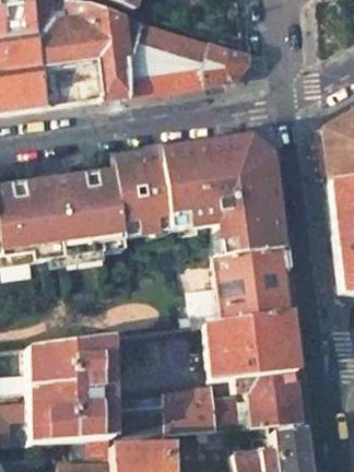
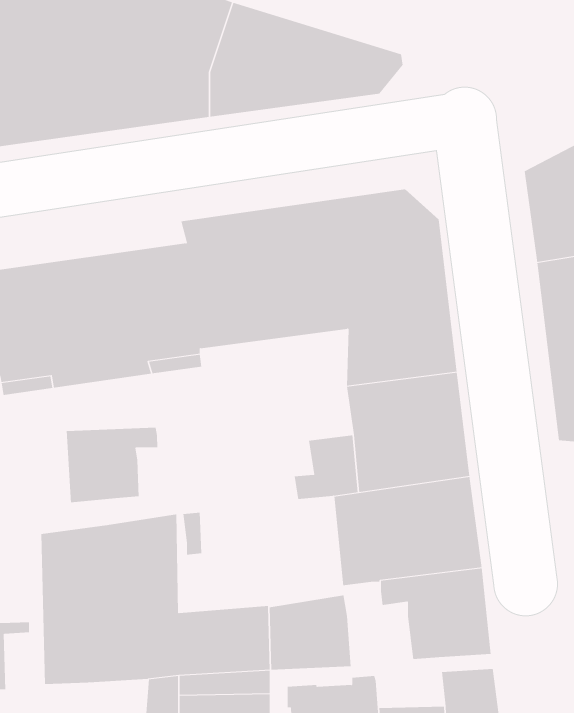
building: none -> [66,427,158,503]
building: [214,396,253,428] -> none

